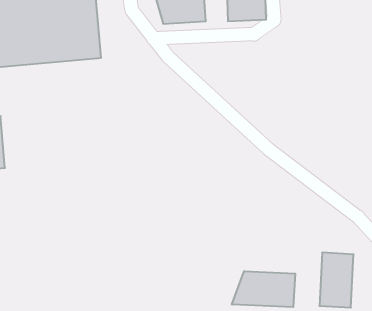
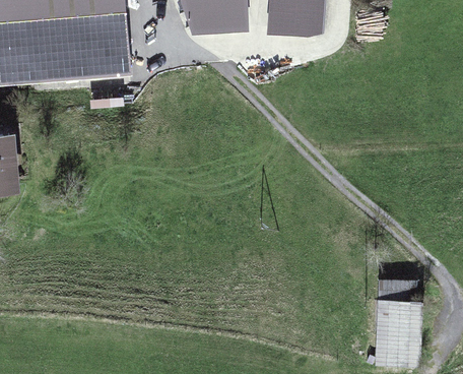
building: [232,271,295,307] -> none

